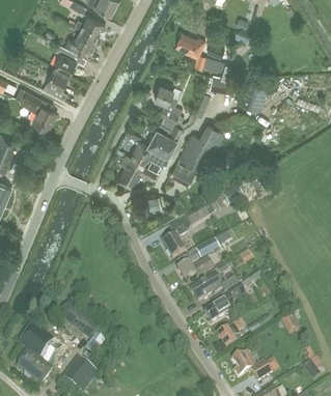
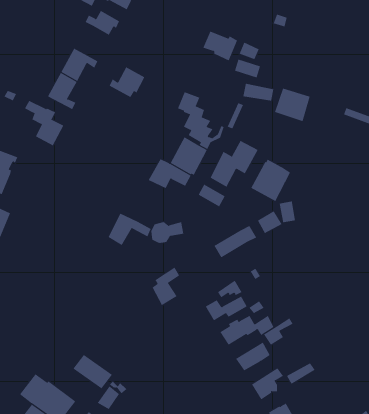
building: [65,28,96,55] -> [109,66,145,98]
building: none -> [251,159,291,202]
building: [117,160,155,188] -> [108,213,151,246]
building: [162,225,186,258] -> [152,267,180,306]

